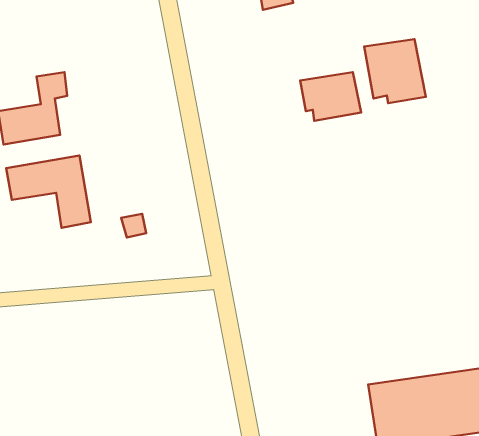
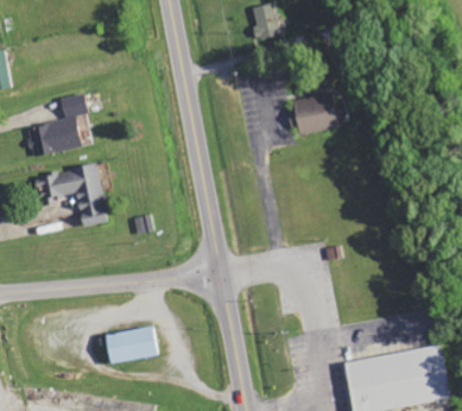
building: [364,39,426,103] -> none
building: none -> [103,324,157,363]

